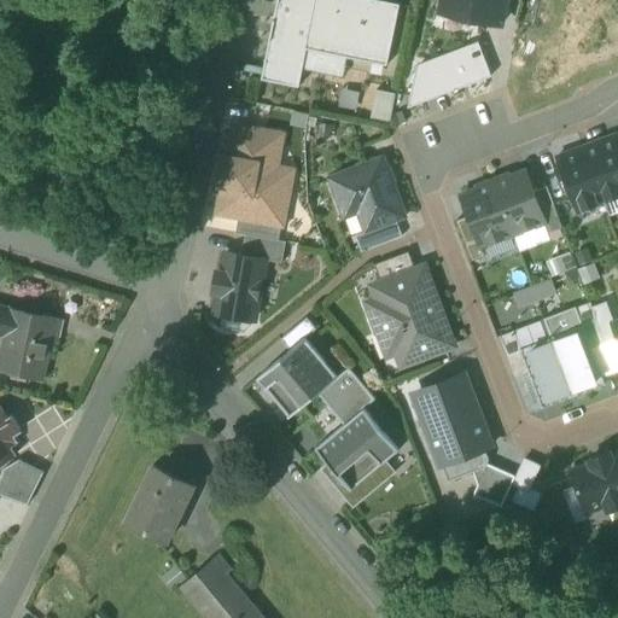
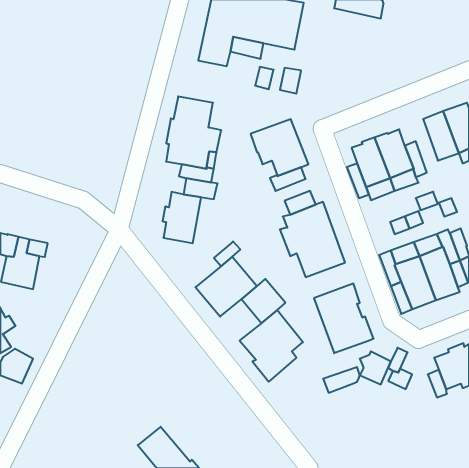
building: [408,43,491,107] -> none
building: [441,448,489,482] -> [323,367,360,393]
building: [126,465,194,542] -> none

